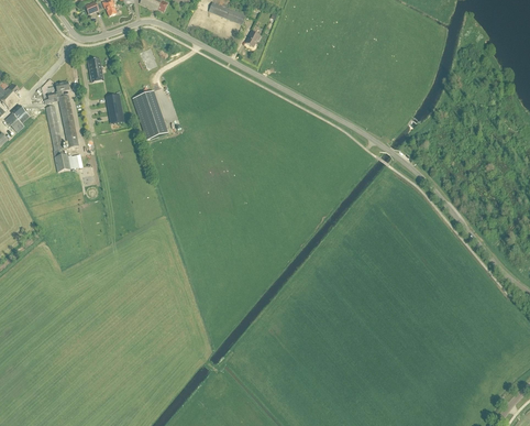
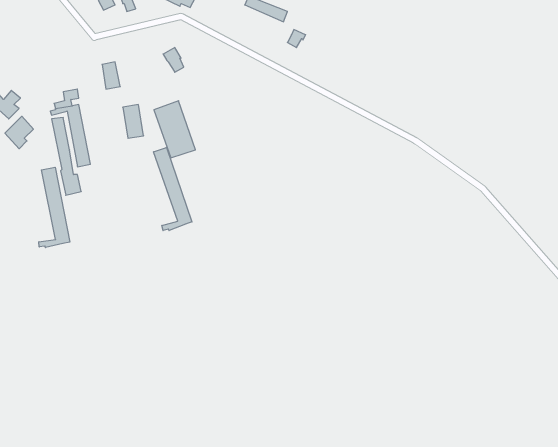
building: none -> [154,147,192,231]
building: none -> [39,167,70,248]

